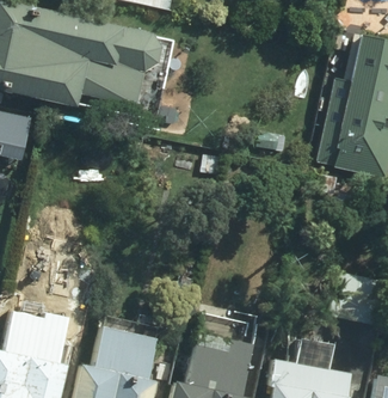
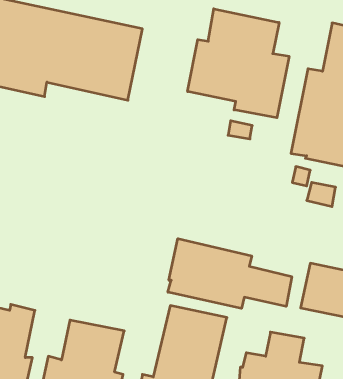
building: none -> [188,9,289,118]
building: none -> [168,239,292,308]

